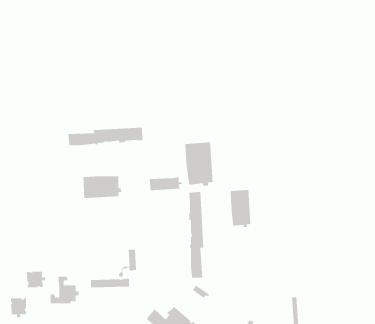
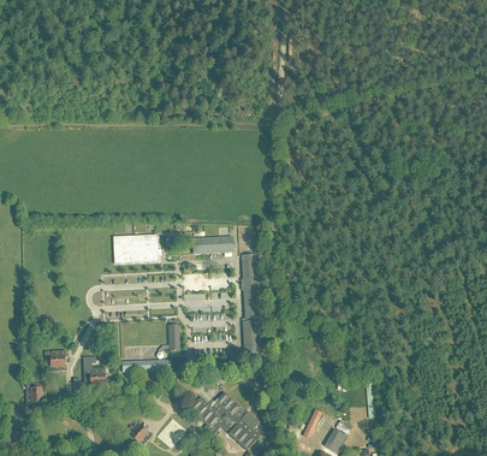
building: [68,127,143,146] -> none
building: [185,141,213,187] -> none
building: [230,189,251,228] -> none

